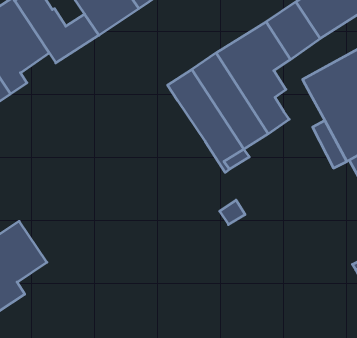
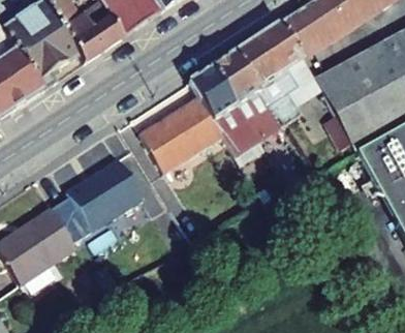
building: none -> [288,56,322,104]
building: none -> [139,94,224,171]
building: none -> [67,157,143,228]

